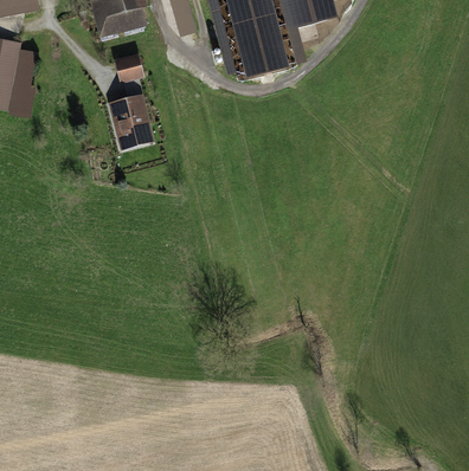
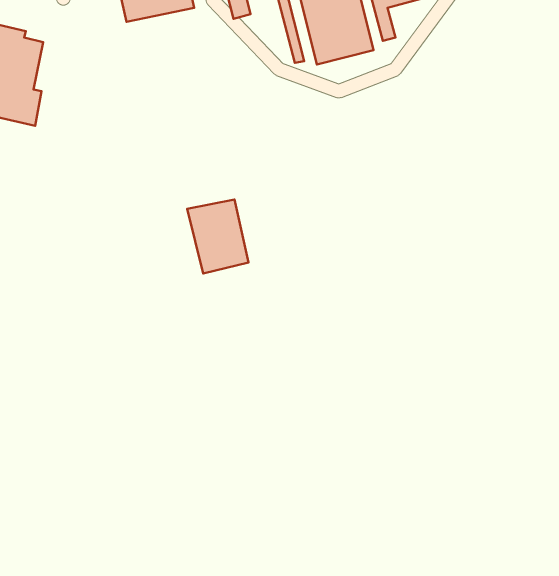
building: [115,52,144,79] -> none
building: [109,93,155,149] -> [187,199,249,273]

